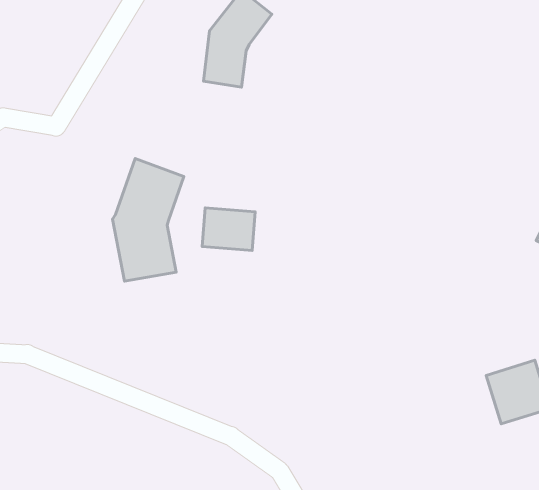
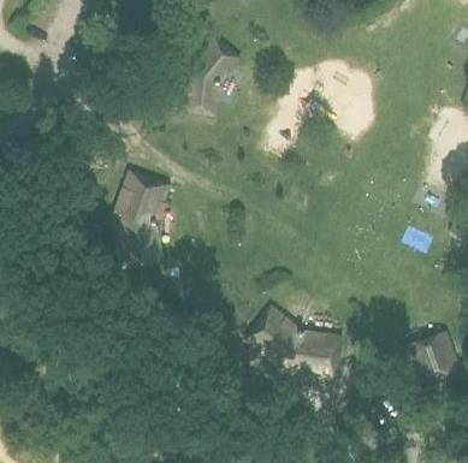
building: [202,208,255,251] -> none
building: none -> [244,305,340,376]

